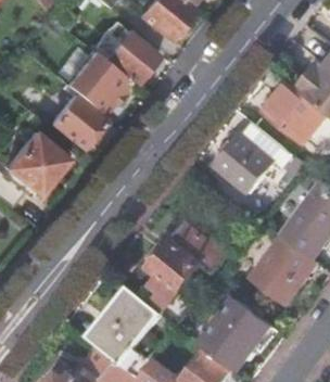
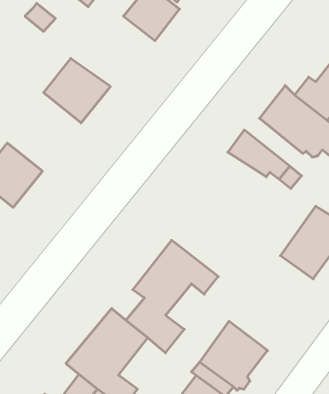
building: [103,31,154,82] -> none
building: [49,96,102,148] -> none
building: [215,142,271,193] -> none
building: [253,238,319,304] -> none

